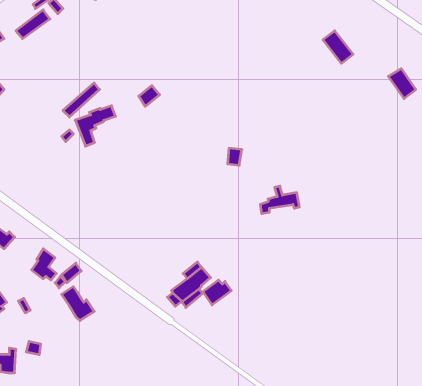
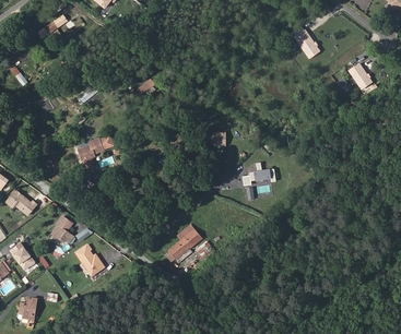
building: [75,106,116,146] -> [78,136,111,170]

